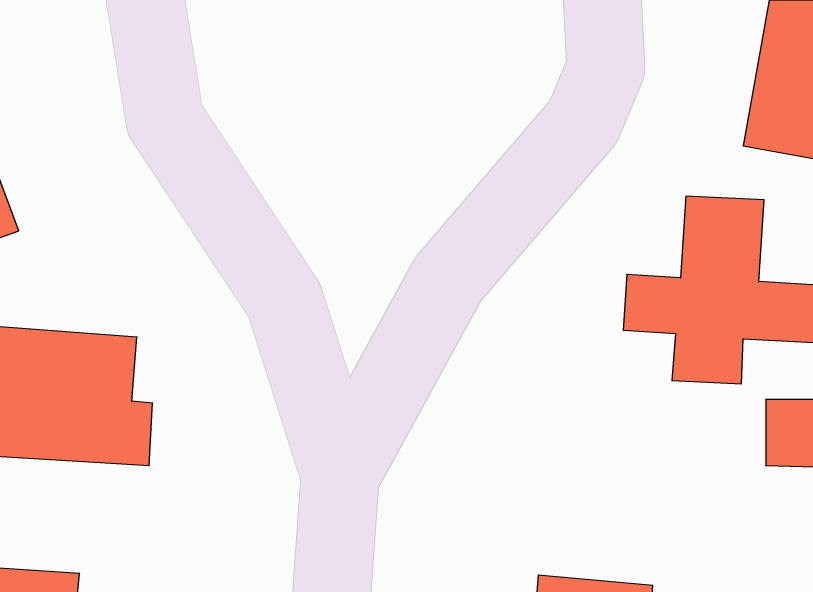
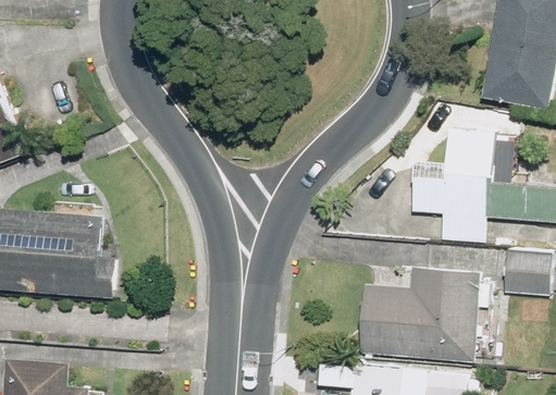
building: none -> [356,264,481,362]

